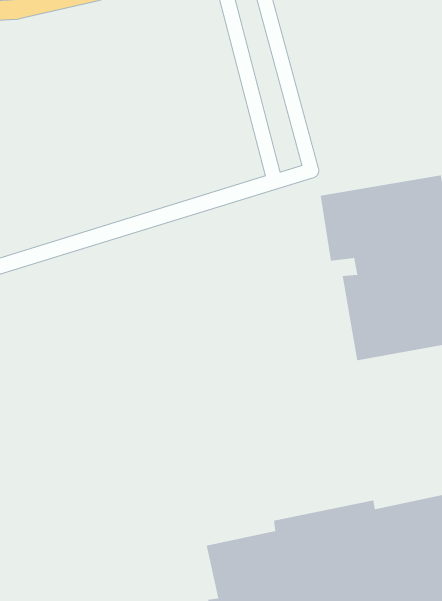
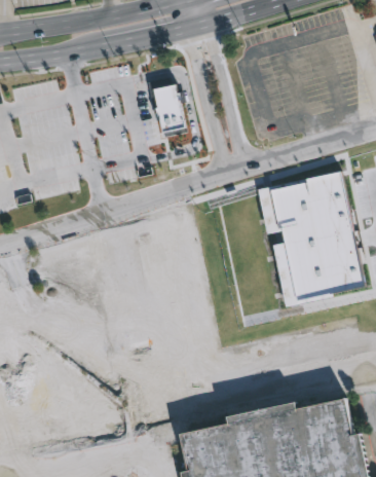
building: none -> [154,84,185,137]

